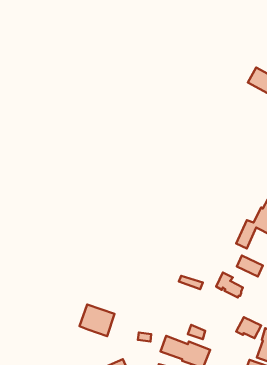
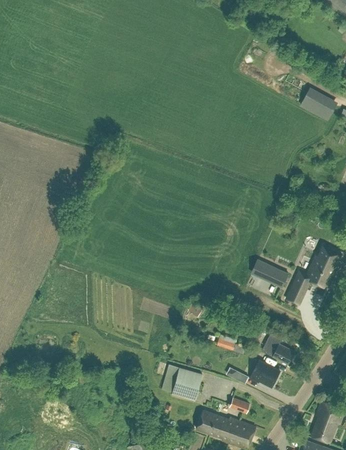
building: [237,256,263,276] -> [257,262,288,287]
building: [80,305,115,336] -> [160,363,202,401]
building: [236,317,261,338] -> [250,361,280,386]

